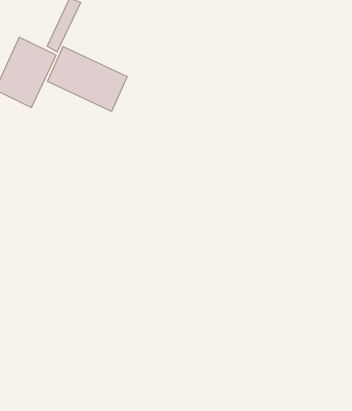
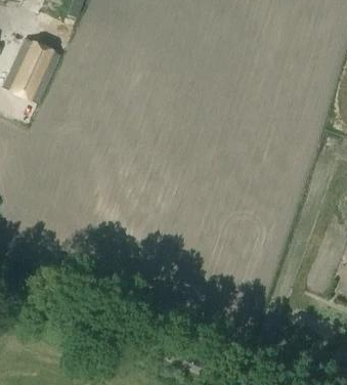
building: [47,46,127,111] -> none

